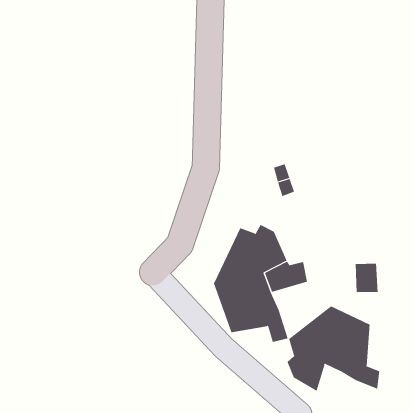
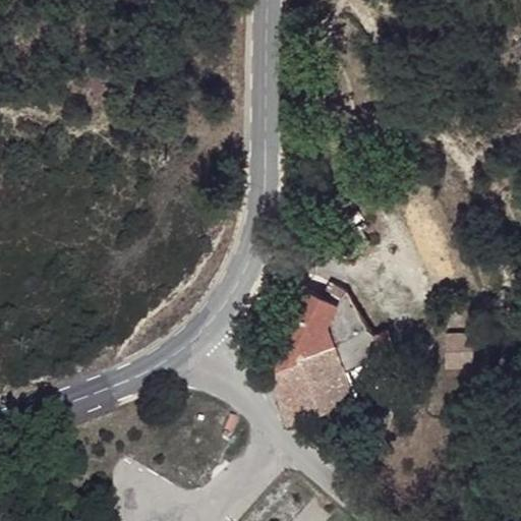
building: [287,306,380,392] -> none

